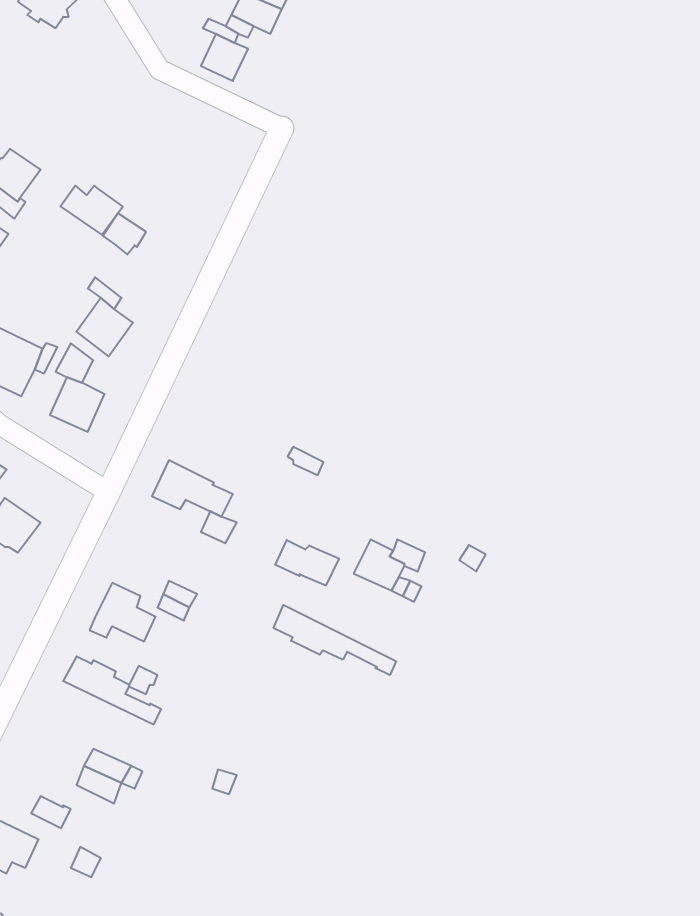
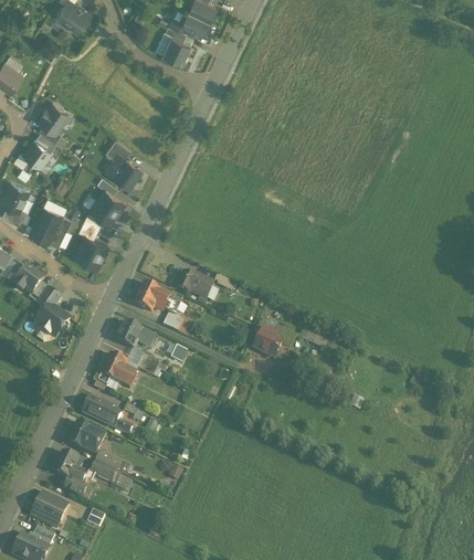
building: [60,186,123,235] -> [105,157,141,186]
building: none -> [118,323,150,348]
building: [275,540,339,585] -> [177,272,214,298]
building: [274,605,396,675] -> none
building: none -> [69,423,105,455]
building: none -> [54,453,88,486]

